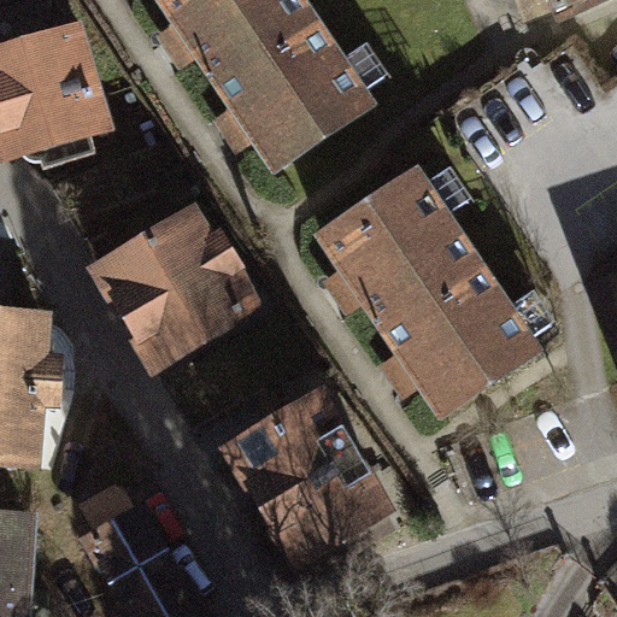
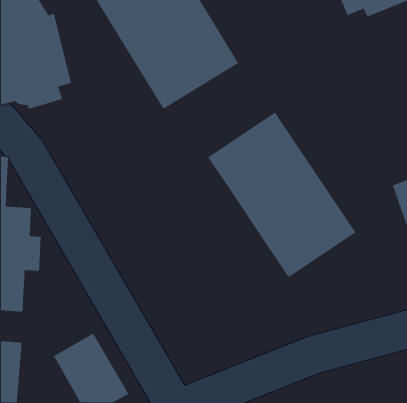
building: [87,201,260,372] -> none
building: [219,386,400,572] -> none

